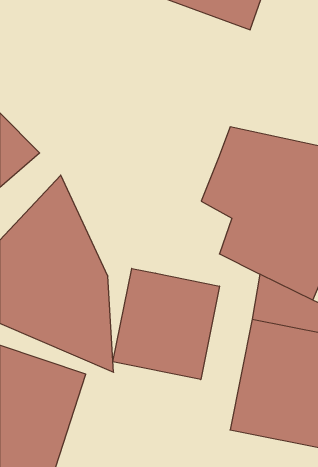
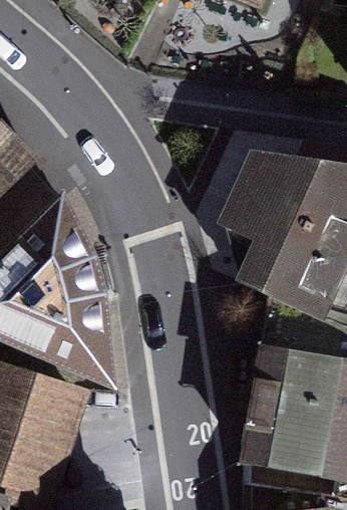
building: [113,268,219,380] -> none

